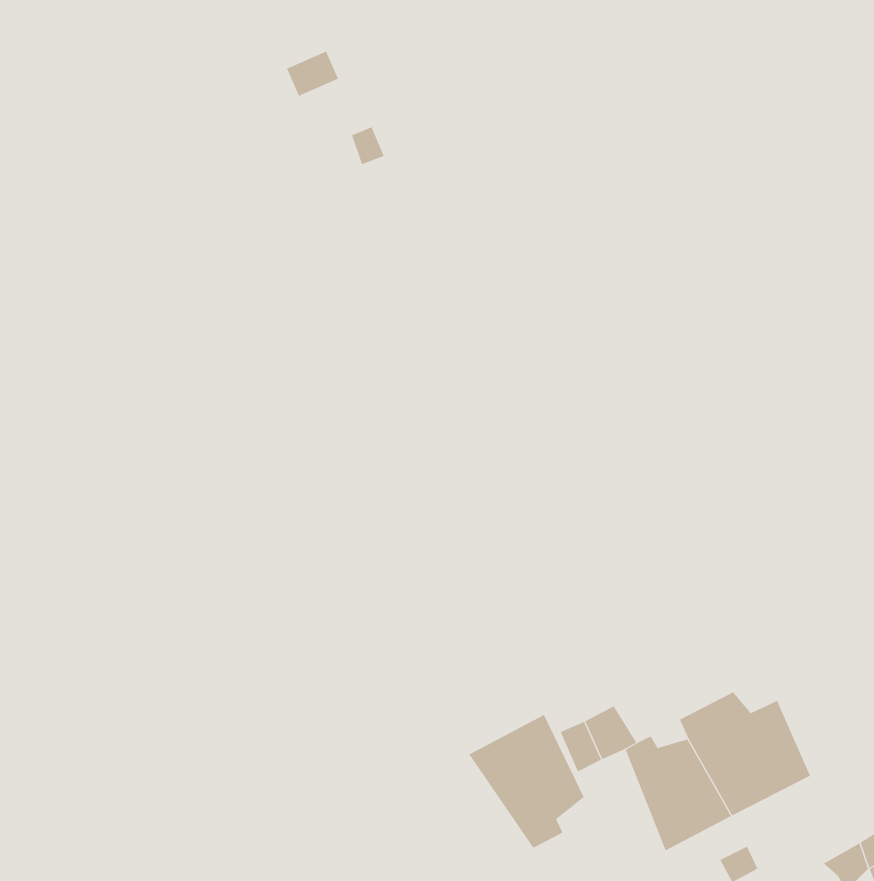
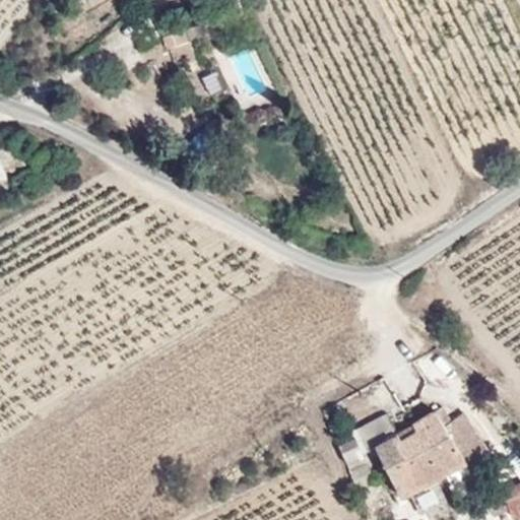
building: [468,714,585,848] -> none

